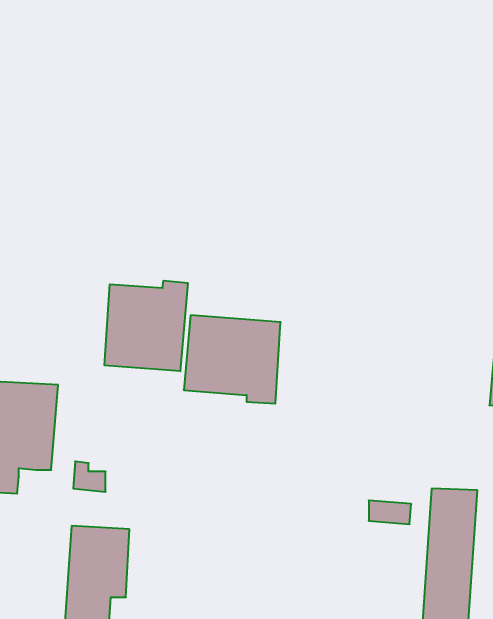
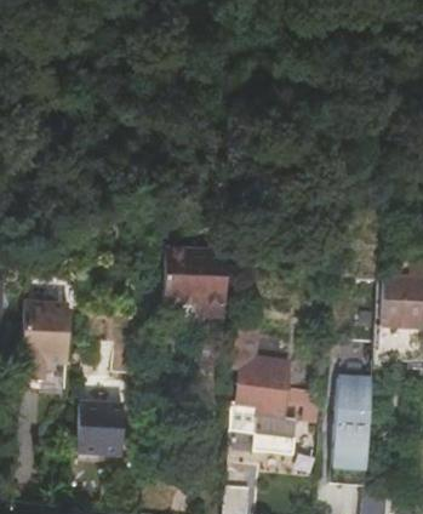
building: [105,281,188,371] -> none
building: none -> [239,327,299,432]

